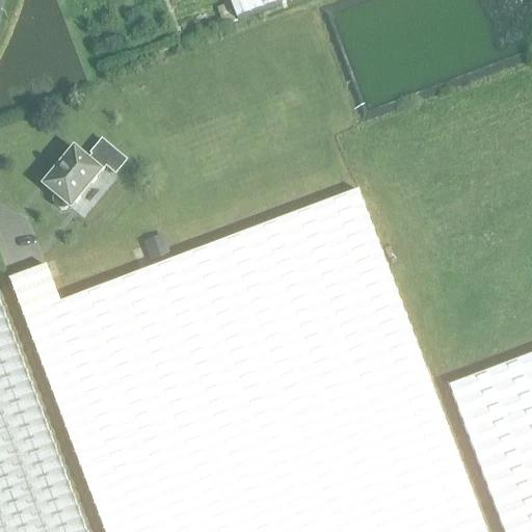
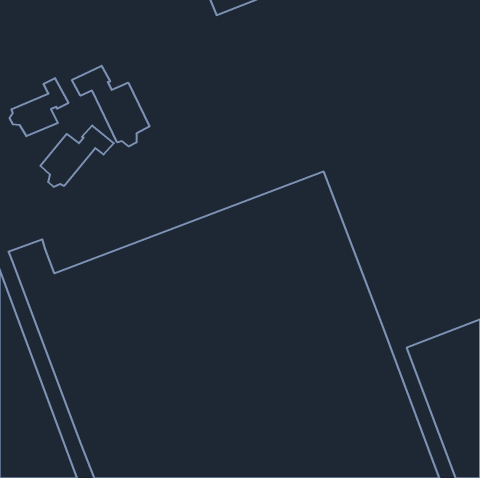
building: none -> [72,66,149,146]
building: none -> [10,78,68,136]

